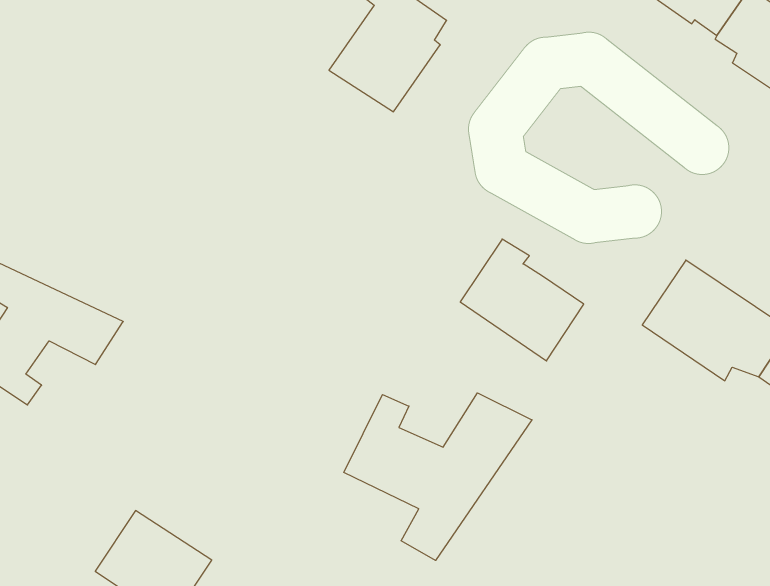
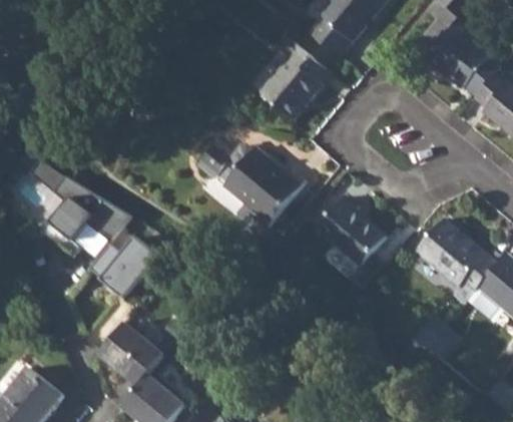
building: none -> [197,140,304,227]
building: none -> [86,242,155,299]
building: [344,393,532,560] -> none

